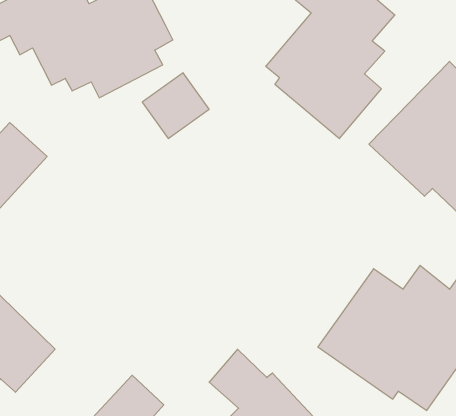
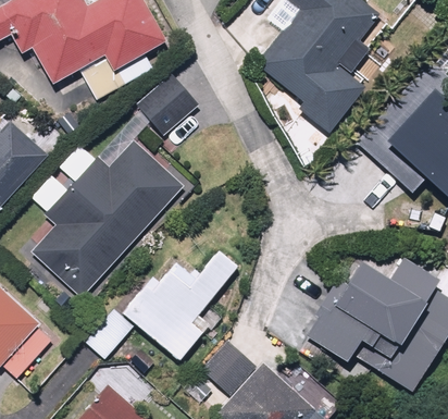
building: none -> [30,140,200,297]
building: none -> [86,247,240,362]

